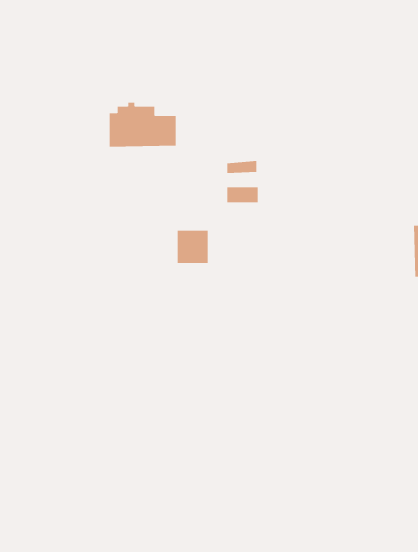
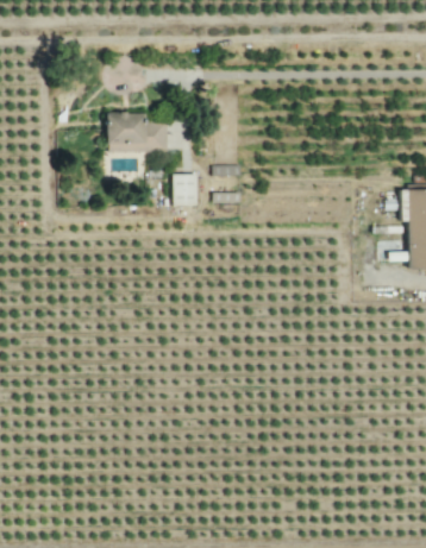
building: [177,230,209,263] -> [173,176,201,206]

